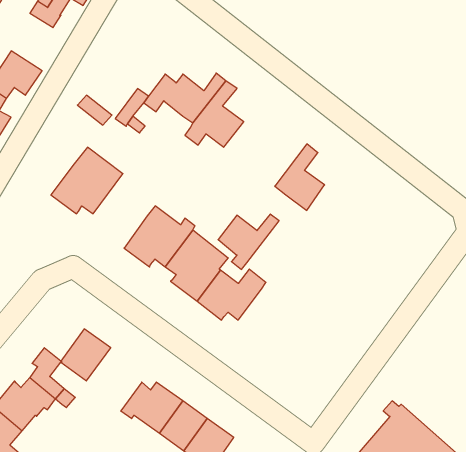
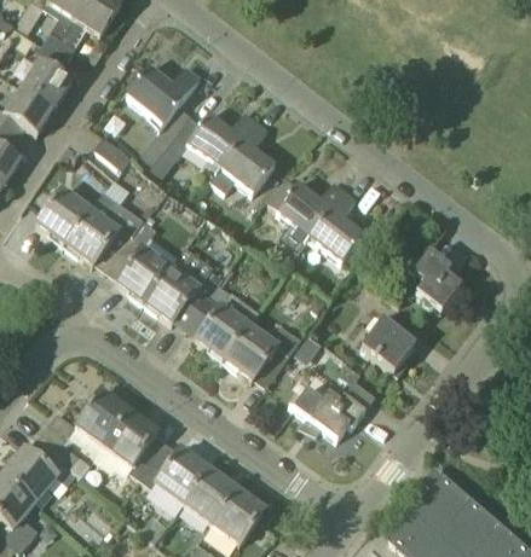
building: none -> [21,46,71,109]
building: none -> [126,65,200,123]
building: none -> [35,188,90,244]
building: none -> [110,221,169,302]
building: none -> [400,253,461,311]
building: [218,214,279,269] -> [277,181,344,242]
building: none -> [360,320,414,372]
building: none -> [294,389,365,440]
building: none -> [103,411,163,480]

